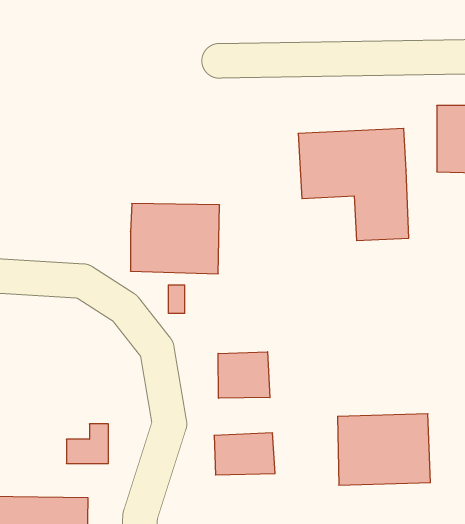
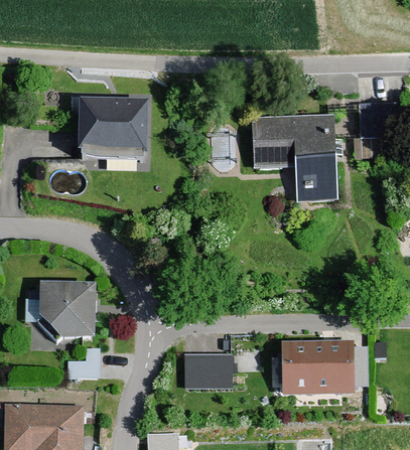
building: [130,204,220,274] -> [78,99,148,154]
building: none -> [24,283,95,342]
building: [218,352,270,398] -> none

